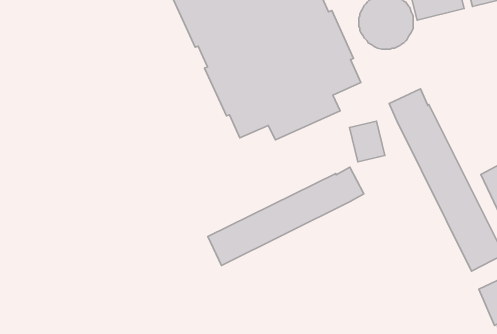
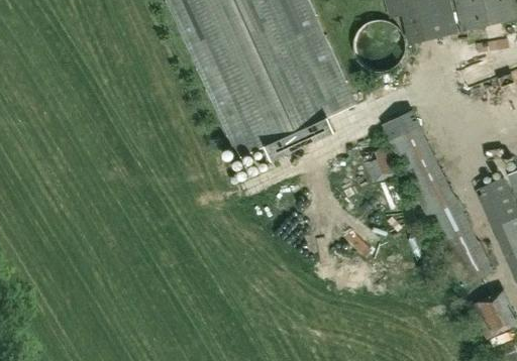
building: [208,167,364,265] -> none

